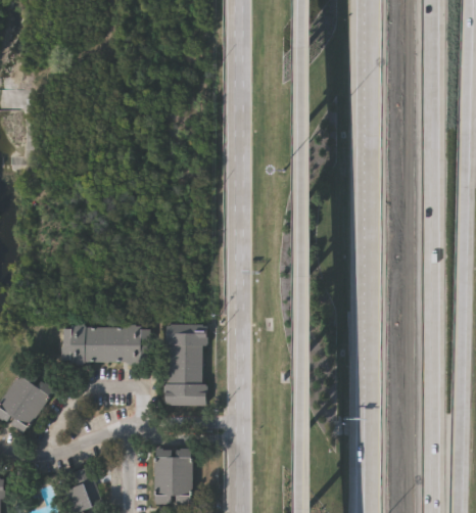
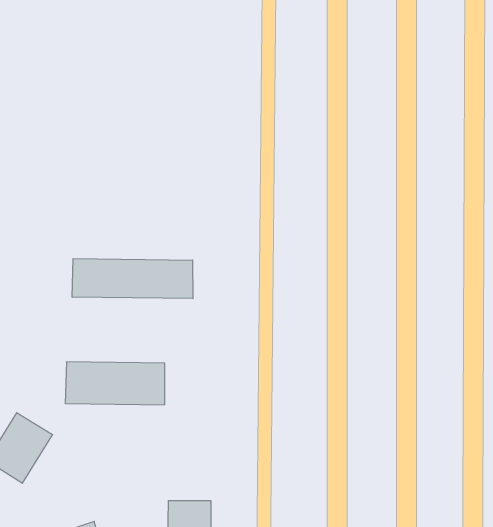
building: none -> [72,259,193,299]
building: [164,324,205,405] -> none

